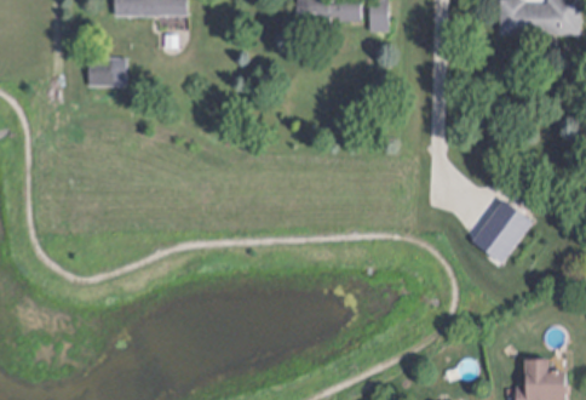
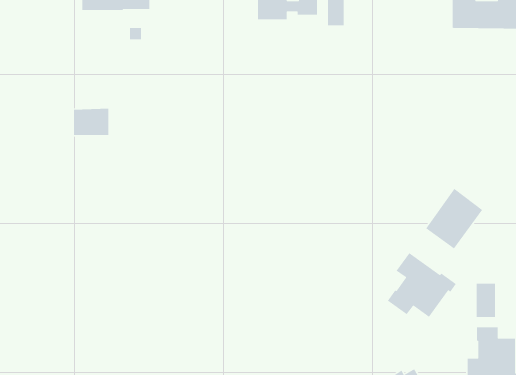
building: [88,56,126,85] -> [73,108,109,136]
building: none -> [387,252,457,318]
building: none -> [476,283,496,318]

